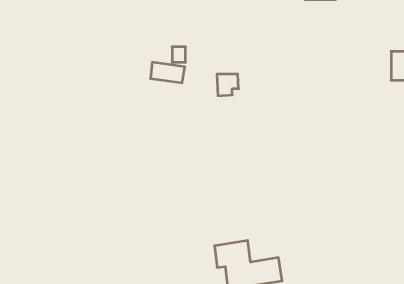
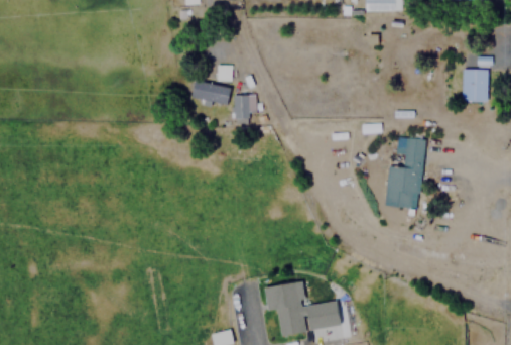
building: [217,74,239,96] -> [234,95,258,119]
building: none -> [386,136,425,208]

